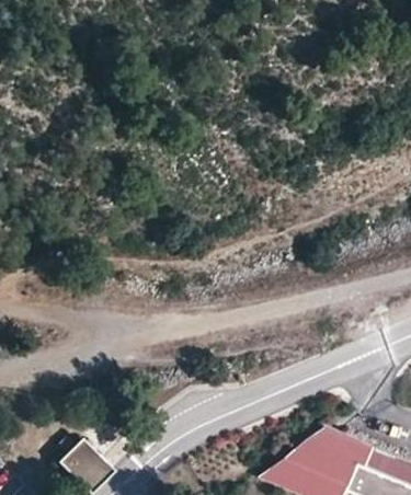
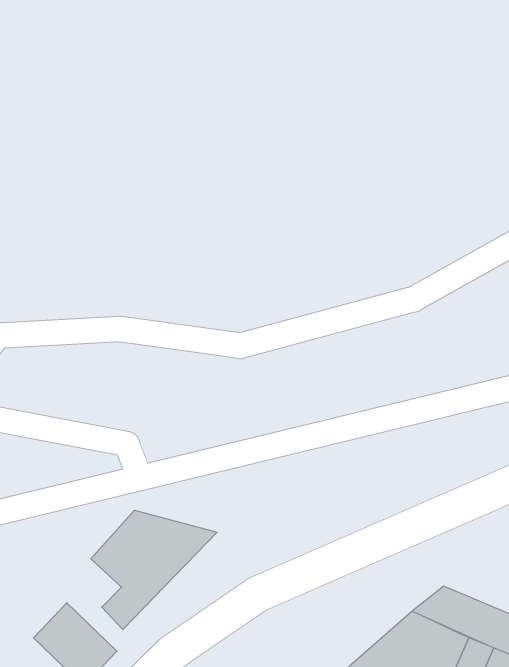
building: none -> [91,510,217,630]

